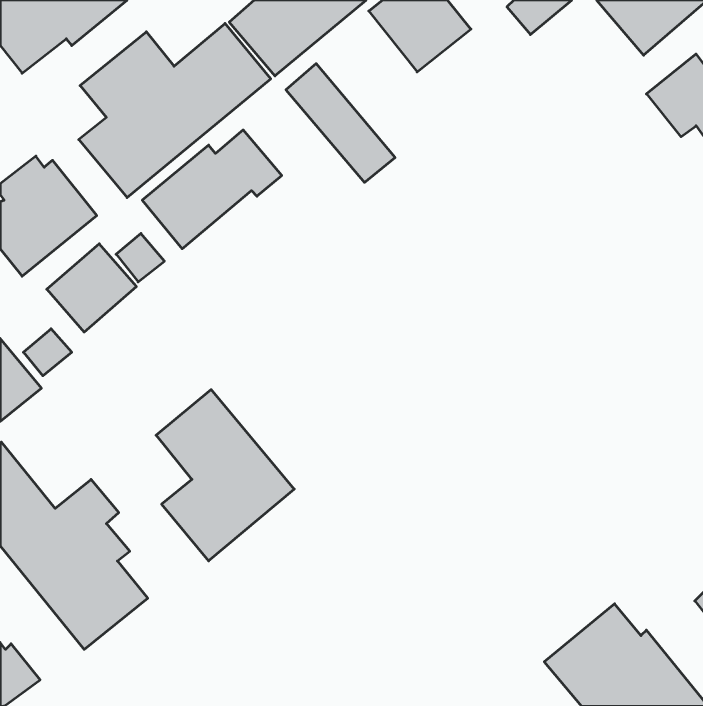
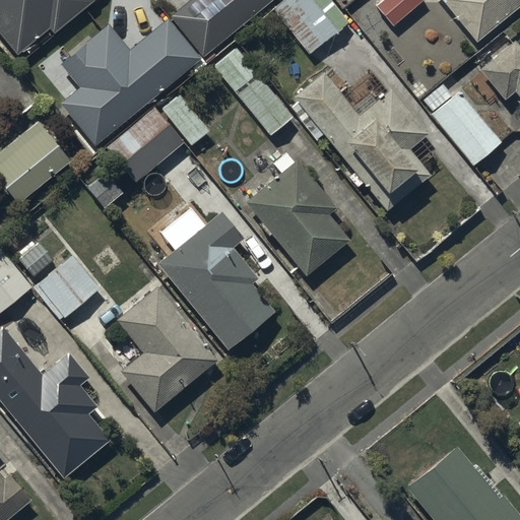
building: none -> [291,71,429,210]
building: none -> [422,84,500,165]
building: none -> [244,151,349,276]
building: [47,244,136,332] -> [34,255,100,320]
building: none -> [156,211,274,349]

